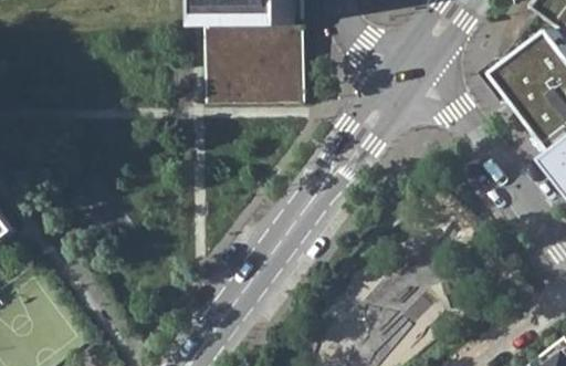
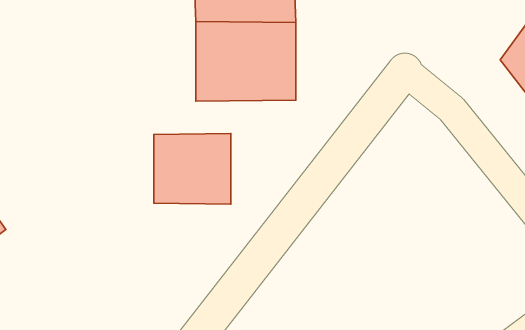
building: none -> [154,133,231,204]

